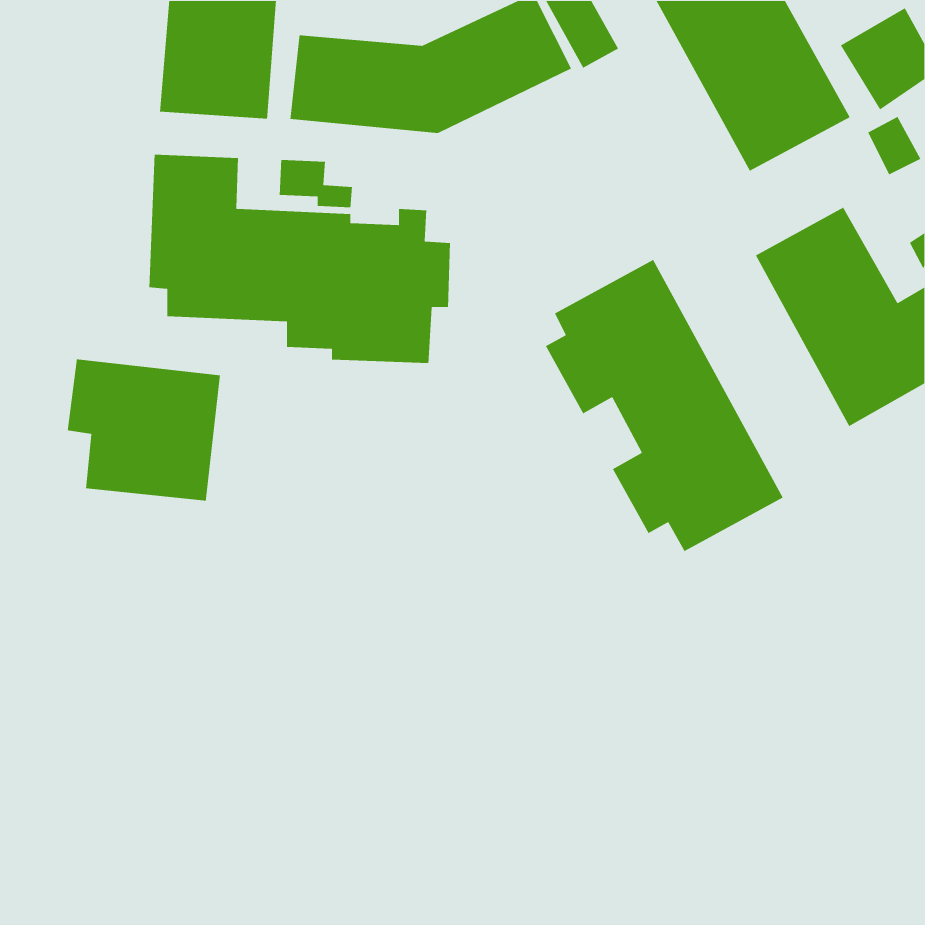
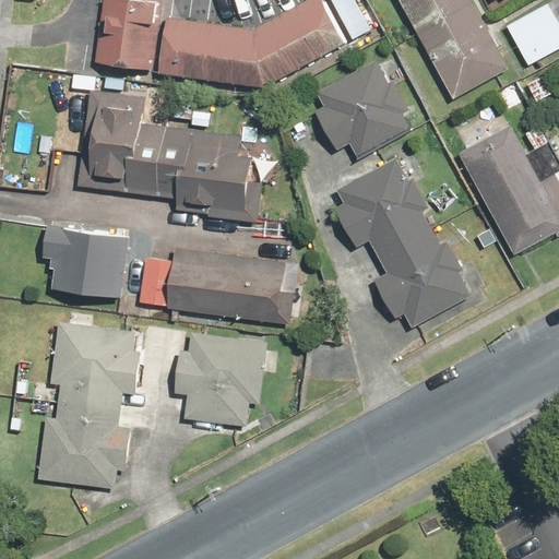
building: none -> [314,59,414,163]
building: none -> [139,247,298,319]
building: none -> [40,325,135,486]
building: none -> [175,335,277,424]

